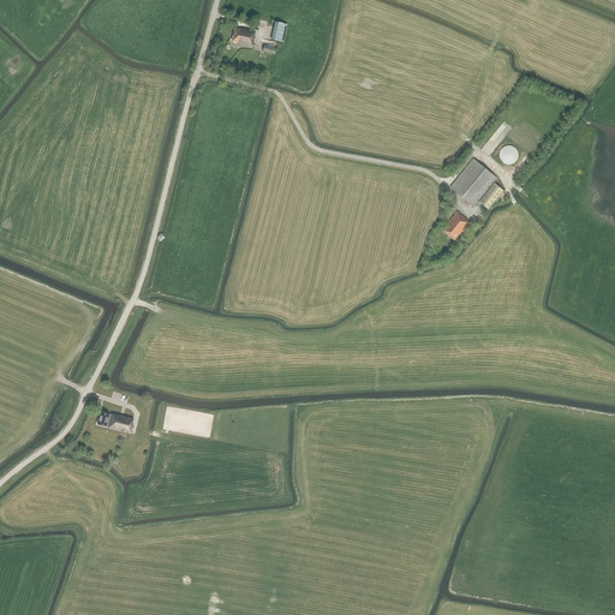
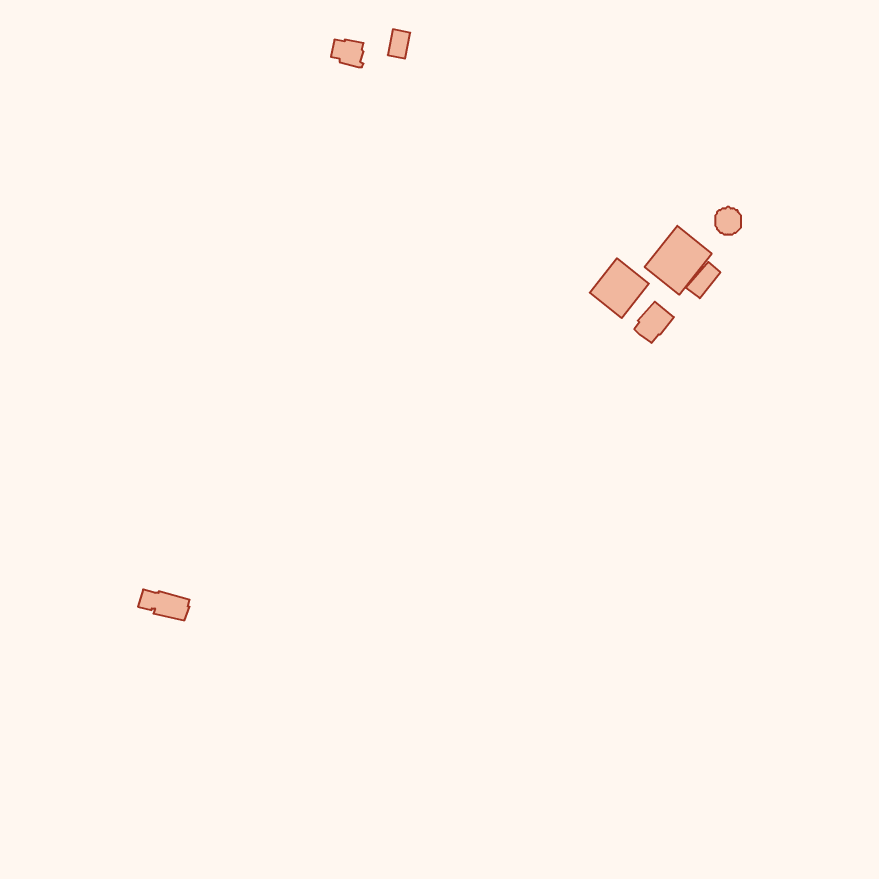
building: none -> [590,258,649,318]

